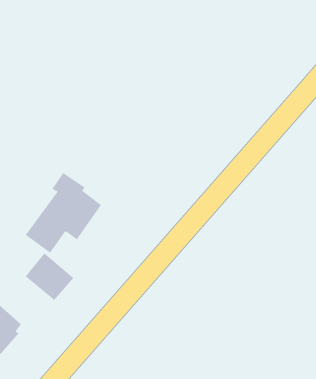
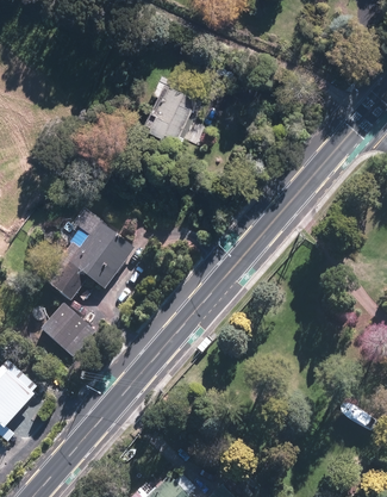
building: none -> [144,83,201,145]

